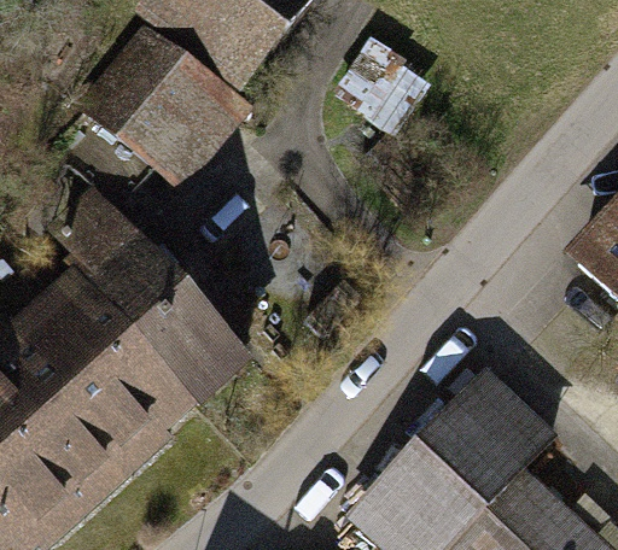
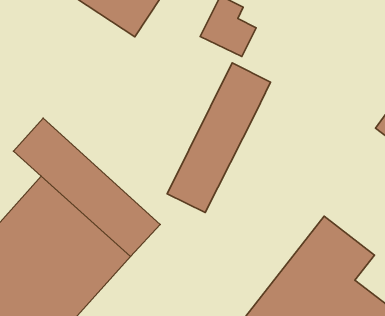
building: [76,27,243,188] -> none
building: none -> [167,63,271,212]

